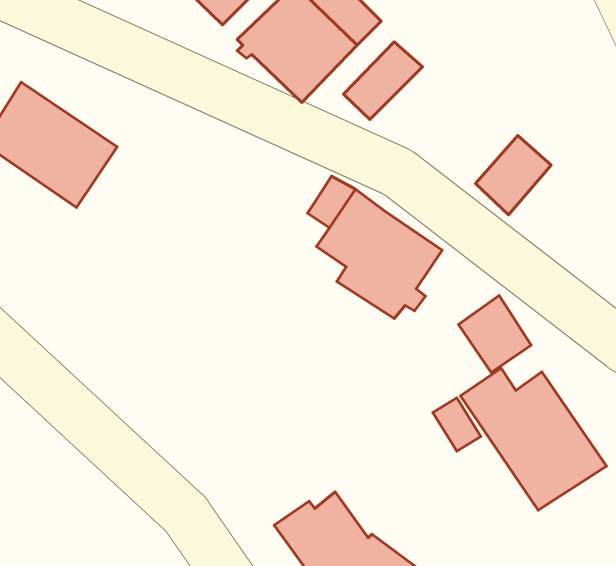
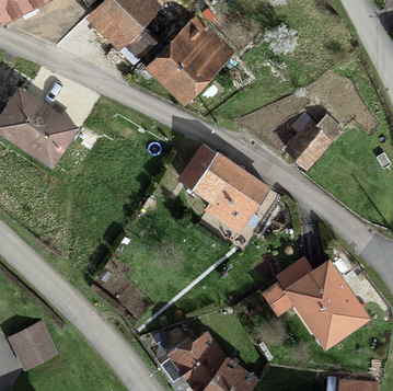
building: [344,42,423,120] -> none
building: [459,295,531,373] -> none
building: none -> [12,324,53,366]

